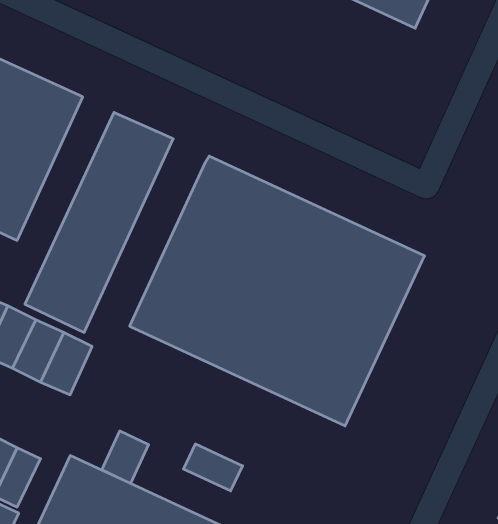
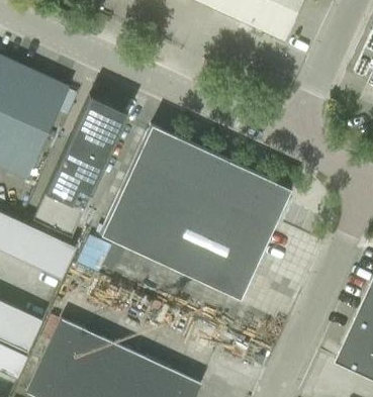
building: [102,431,149,483] -> none
building: [183,444,243,491] -> none

